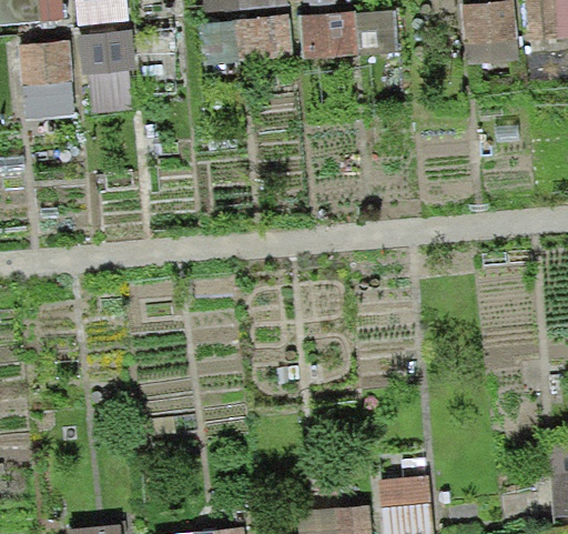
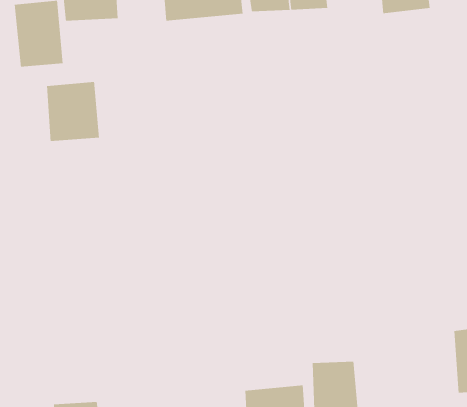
building: none -> [46,81,100,142]

